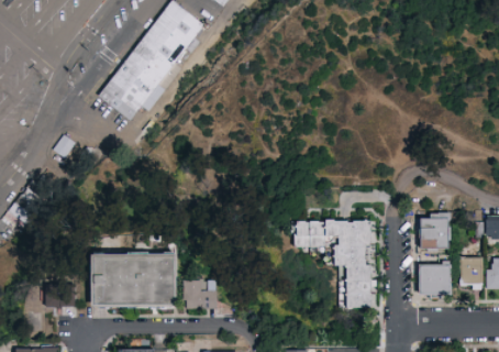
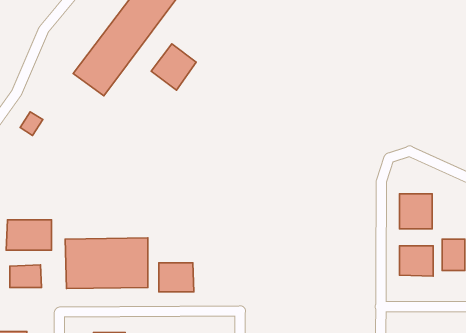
building: none -> [151,44,196,90]
building: [295,220,370,308] -> none
building: none -> [6,220,51,250]

